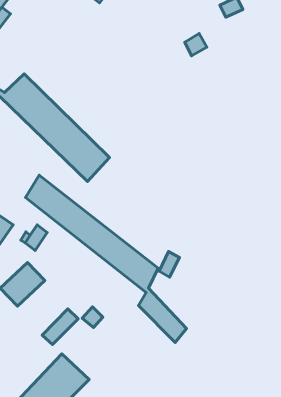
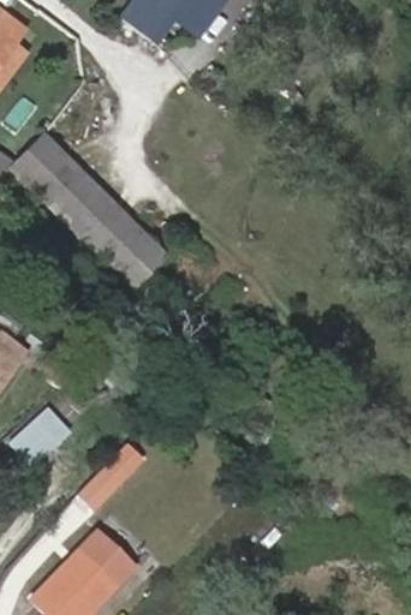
building: [26,175,187,342] -> none

